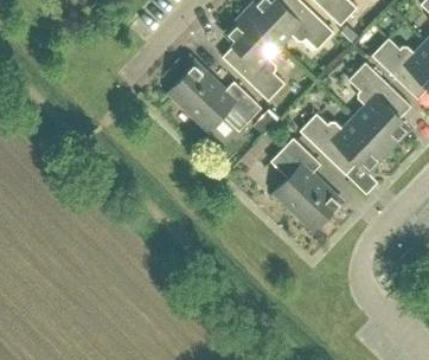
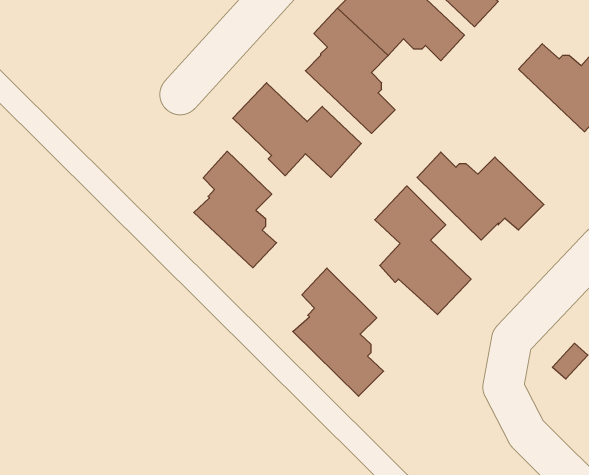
building: [348,63,411,150] -> none
building: none -> [194,151,277,268]
building: none -> [293,268,384,396]

